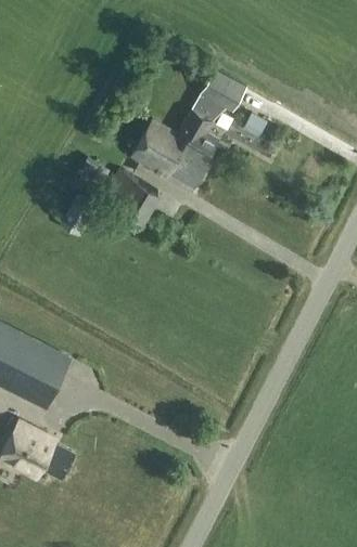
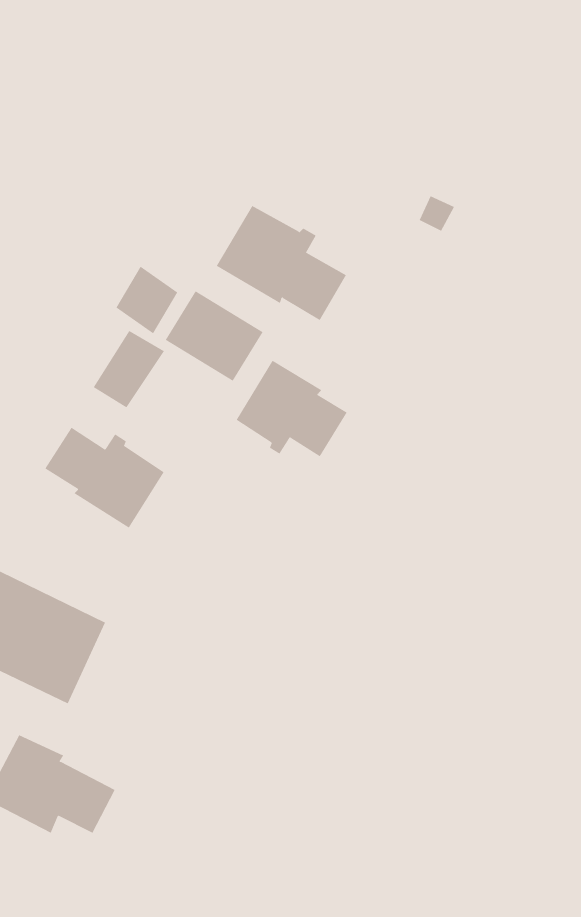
building: [182,68,247,159] -> none
building: none -> [236,360,348,457]
building: none -> [45,427,164,528]

